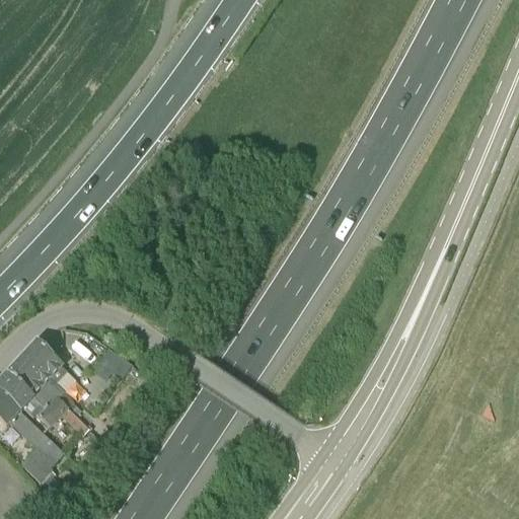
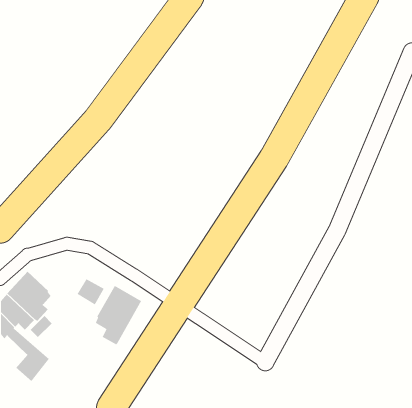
building: none -> [95,285,142,346]

